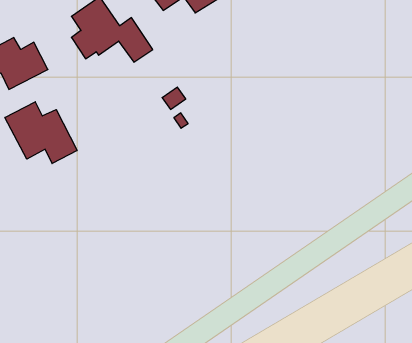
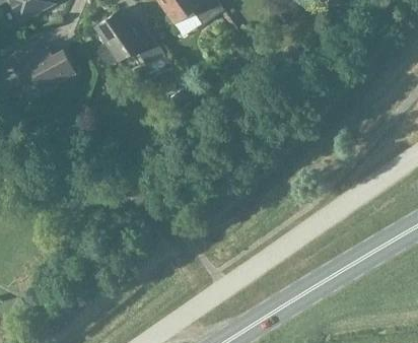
building: [5,102,77,164] -> none

